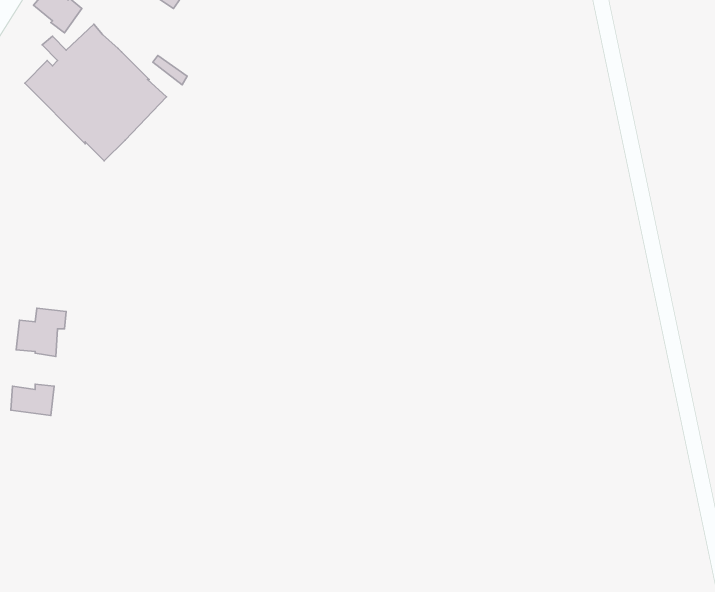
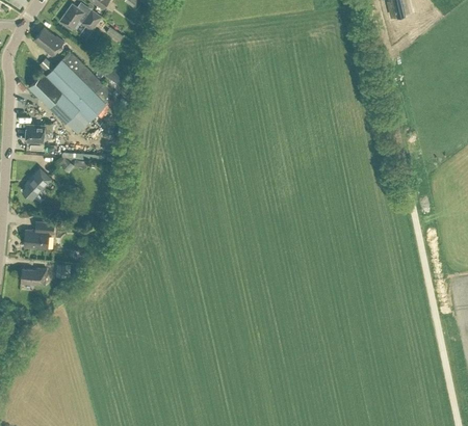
building: none -> [26,123,53,142]
building: none -> [23,168,51,199]

